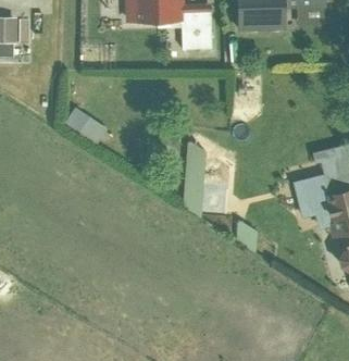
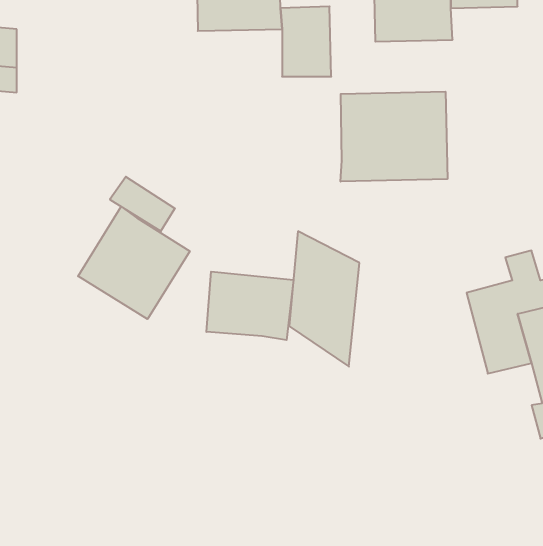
building: none -> [341,92,447,182]
building: none -> [78,207,190,319]
building: none -> [206,272,293,340]

